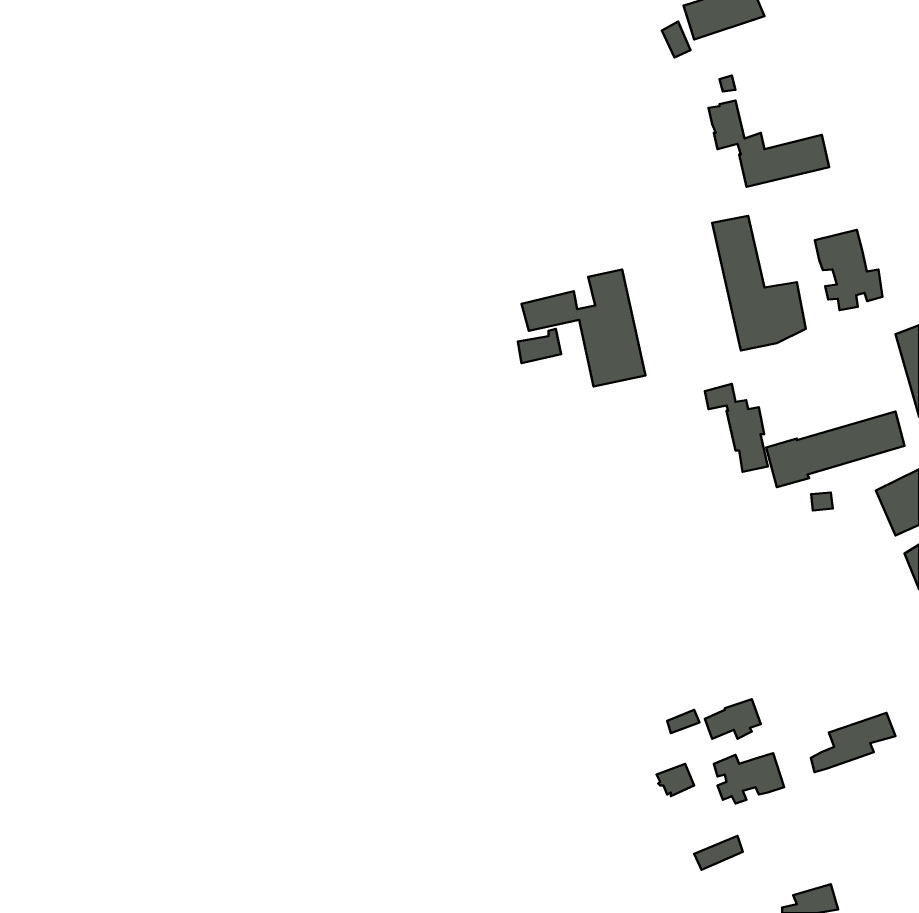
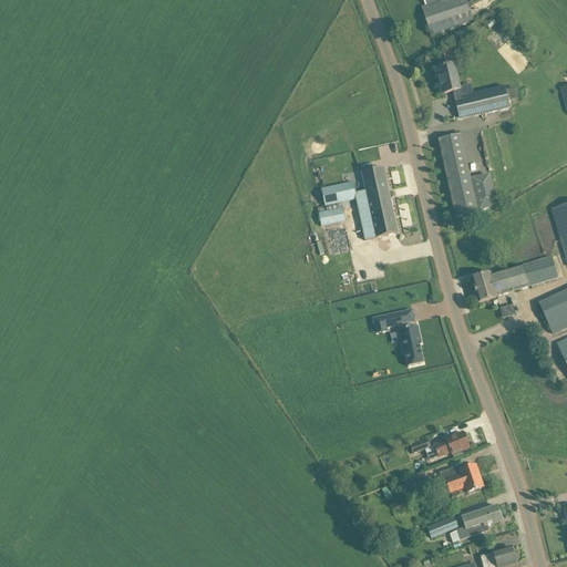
building: [815,230,883,310] -> none
building: [705,384,768,472] -> [384,310,423,364]
building: [811,713,895,772] -> [451,504,503,540]

